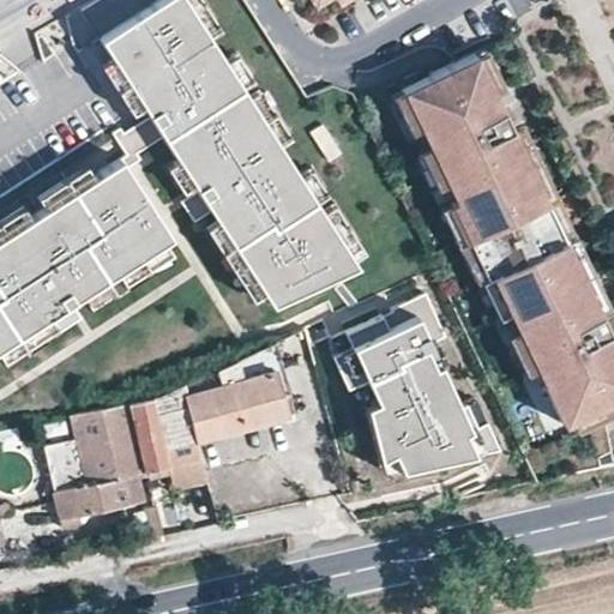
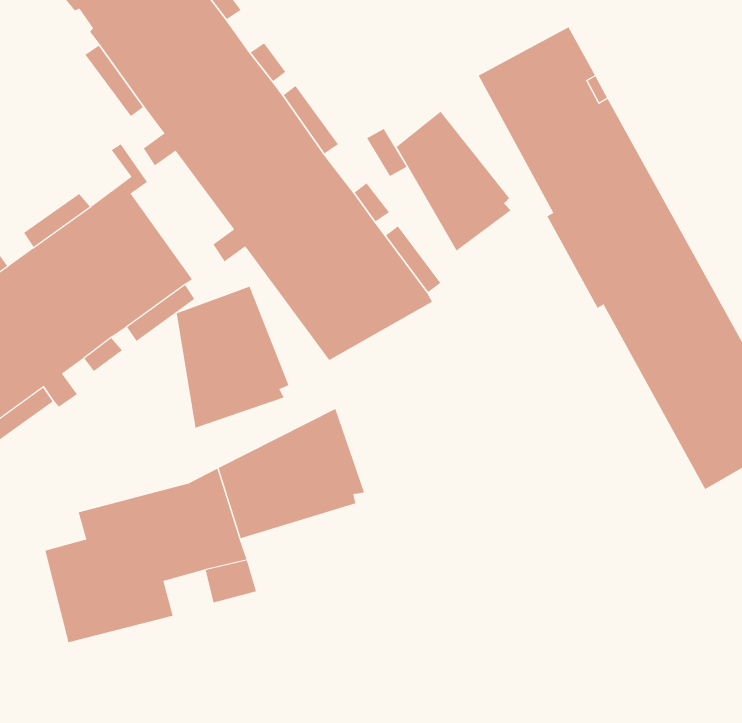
building: none -> [396,111,512,252]
building: none -> [176,286,289,429]
building: [331,299,500,477] -> none

